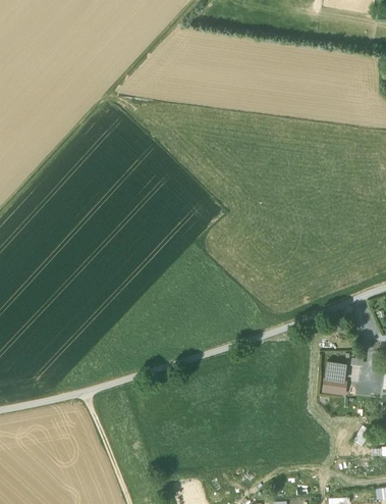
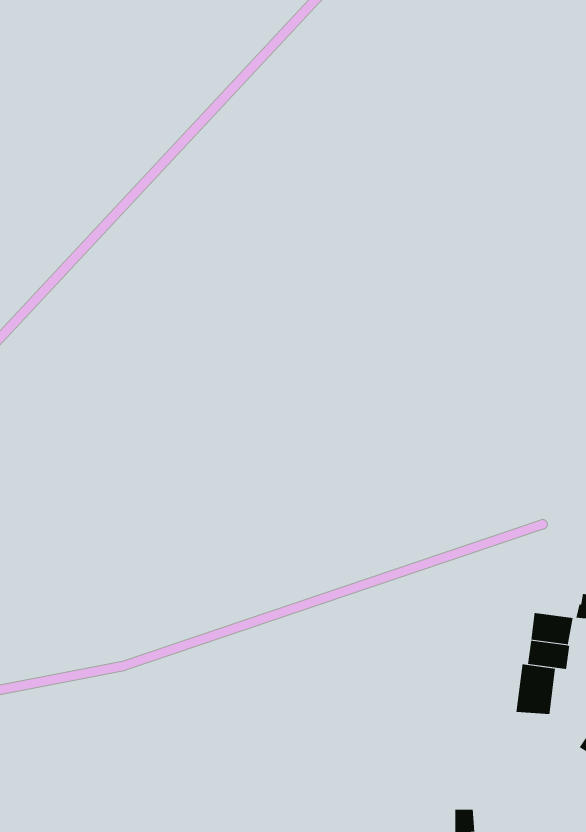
building: none -> [516,664,556,715]

